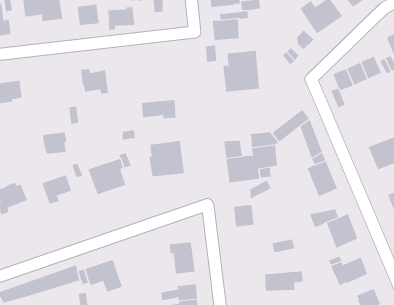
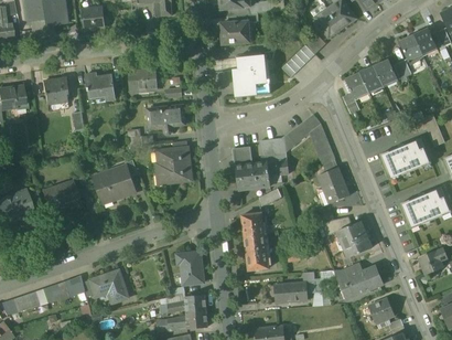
building: [107,7,135,31] -> [129,67,158,92]
building: [42,132,67,154] -> [42,77,68,100]
building: none -> [245,234,268,270]

